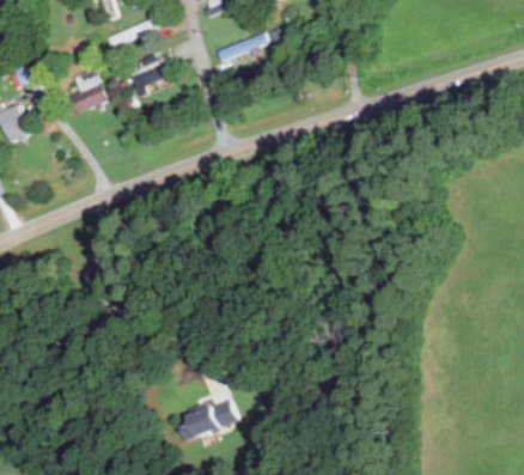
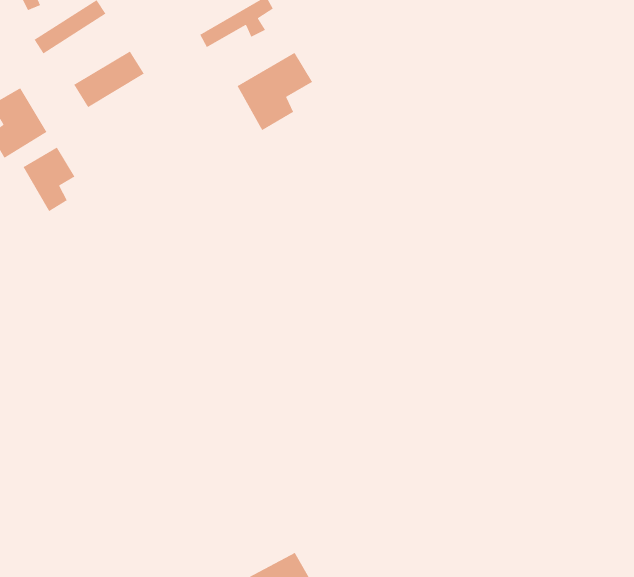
building: none -> [237,52,313,131]
building: none -> [23,146,76,212]

